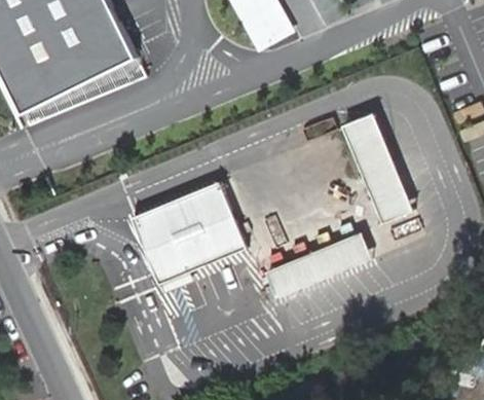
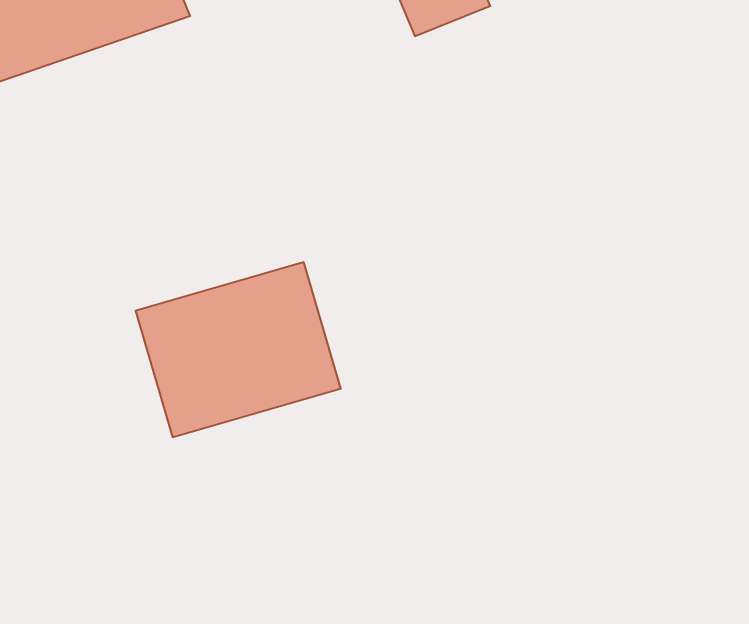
building: [338,107,413,216] -> none
building: [265,226,368,291] -> none

